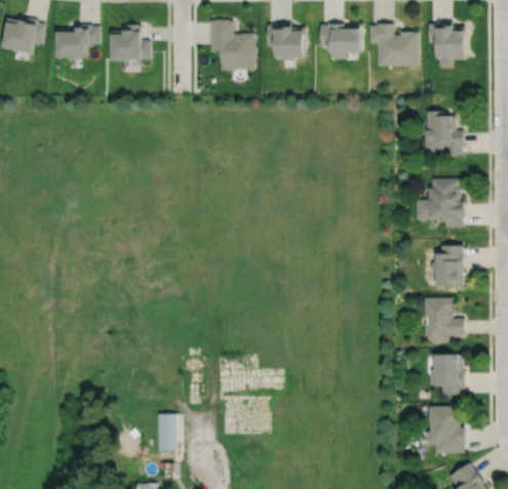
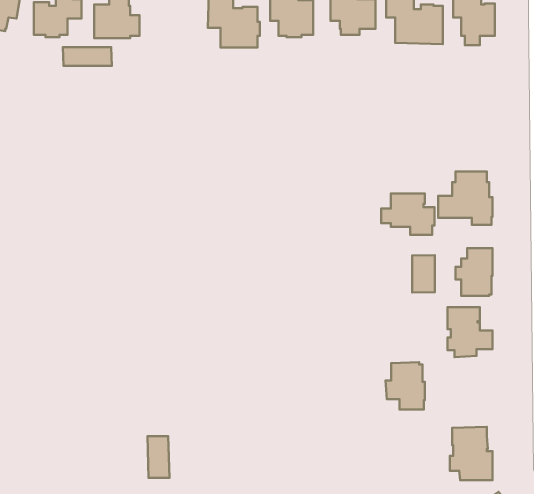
building: none -> [63,47,112,66]
building: [425,112,464,156] -> none
building: none -> [381,193,434,235]
building: none -> [412,255,435,293]
building: [429,352,464,394] -> [386,362,425,410]

